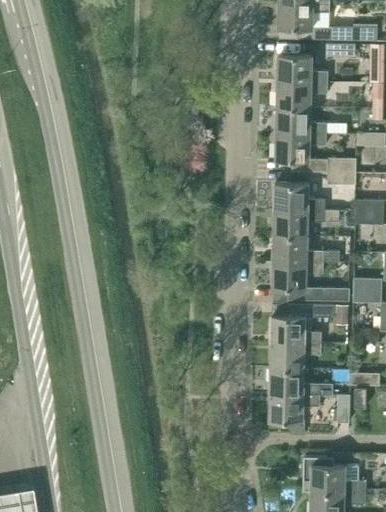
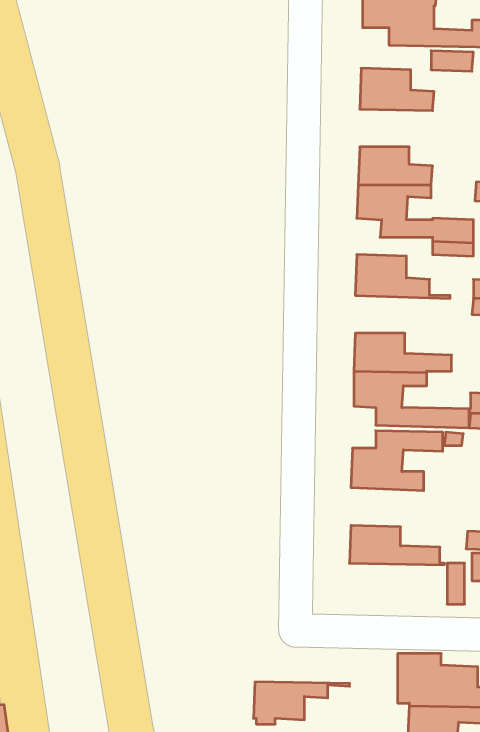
building: [277,83,327,109] -> none
building: [274,211,339,237] -> none
building: [271,343,321,370] -> none
building: [269,395,335,424] -> [253,682,350,724]

